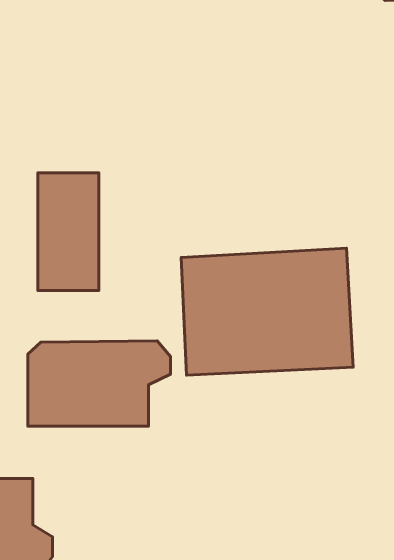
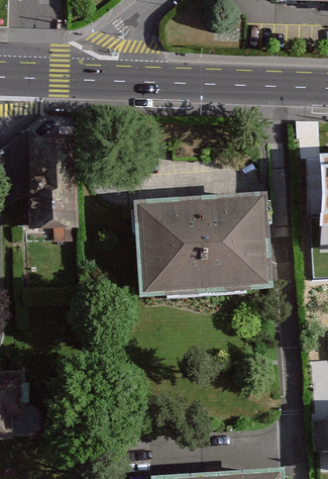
building: [28,341,170,426] -> none

